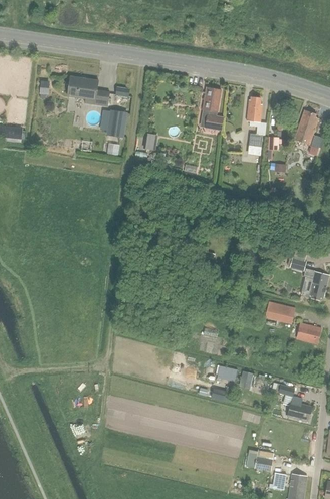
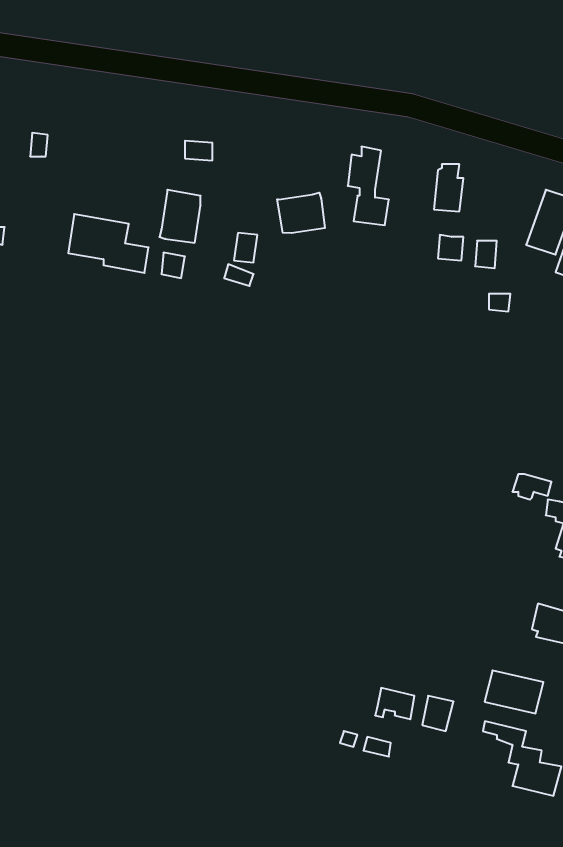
building: [67,77,108,107] -> [68,214,149,273]
building: none -> [277,193,325,233]
building: [265,301,295,323] -> [485,670,543,713]

